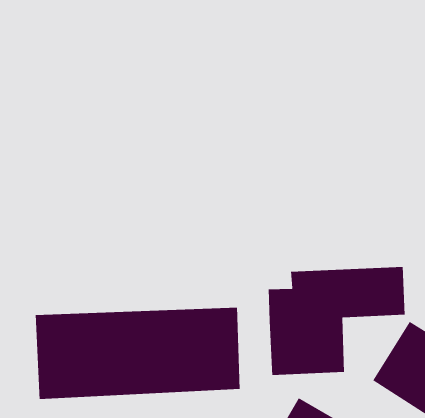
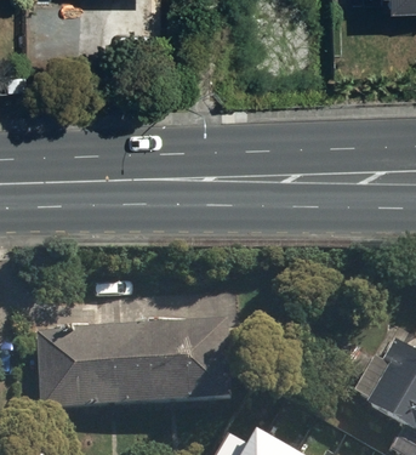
building: [268,266,405,376] -> none

